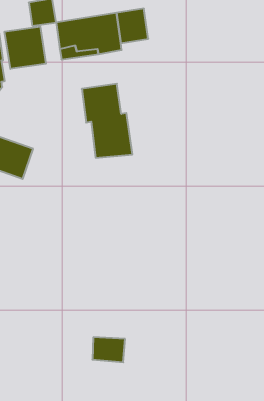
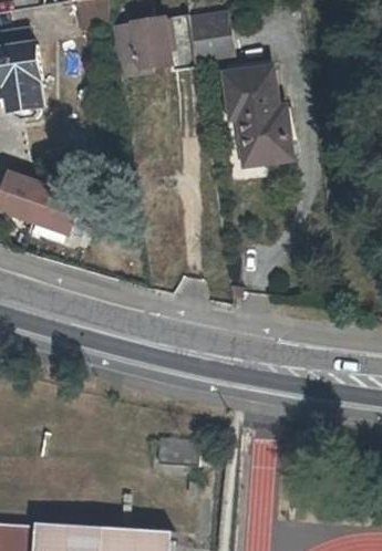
building: [5,26,46,69] -> none
building: [82,84,132,158] -> [226,71,291,166]

